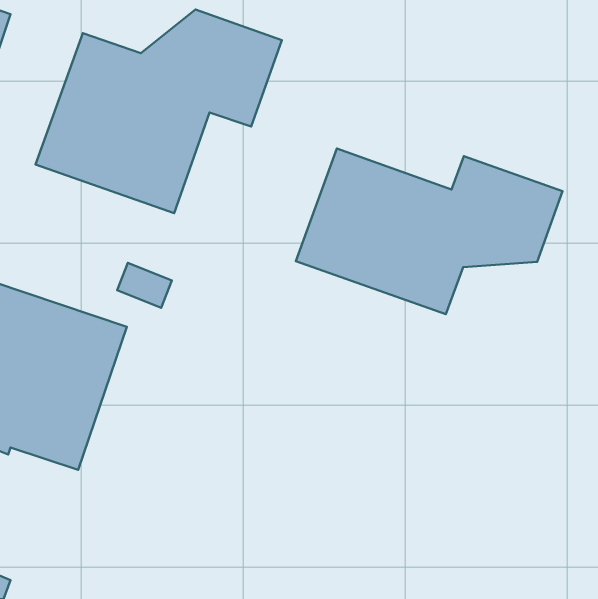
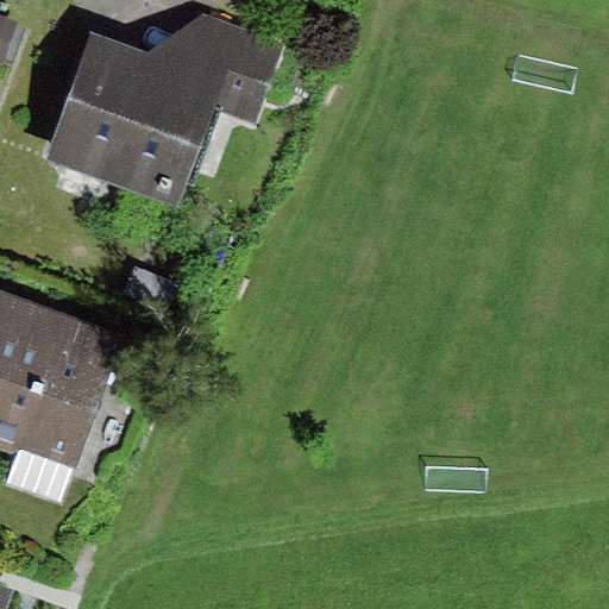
building: [296,149,562,314] -> none

